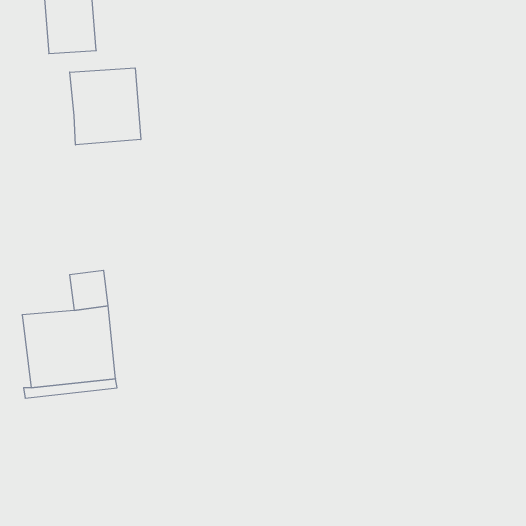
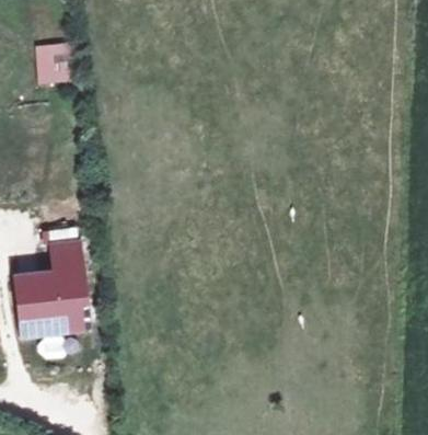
building: [70,68,141,145] -> none

